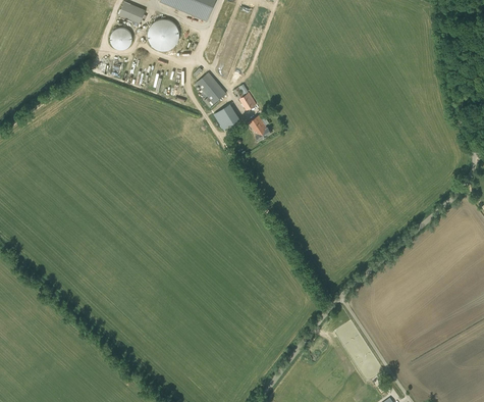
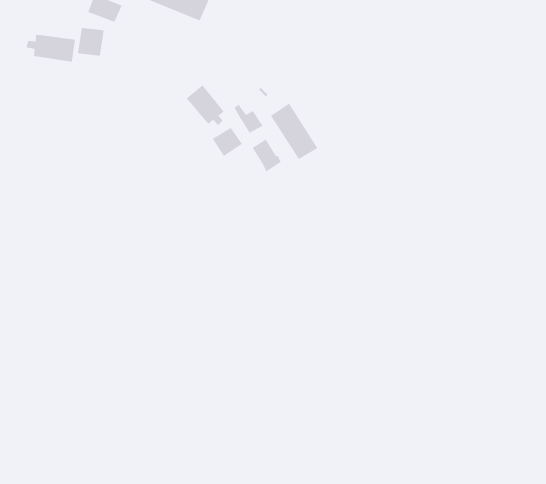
building: [149,18,178,49] -> none
building: none -> [26,34,76,62]
building: none -> [270,103,318,160]

